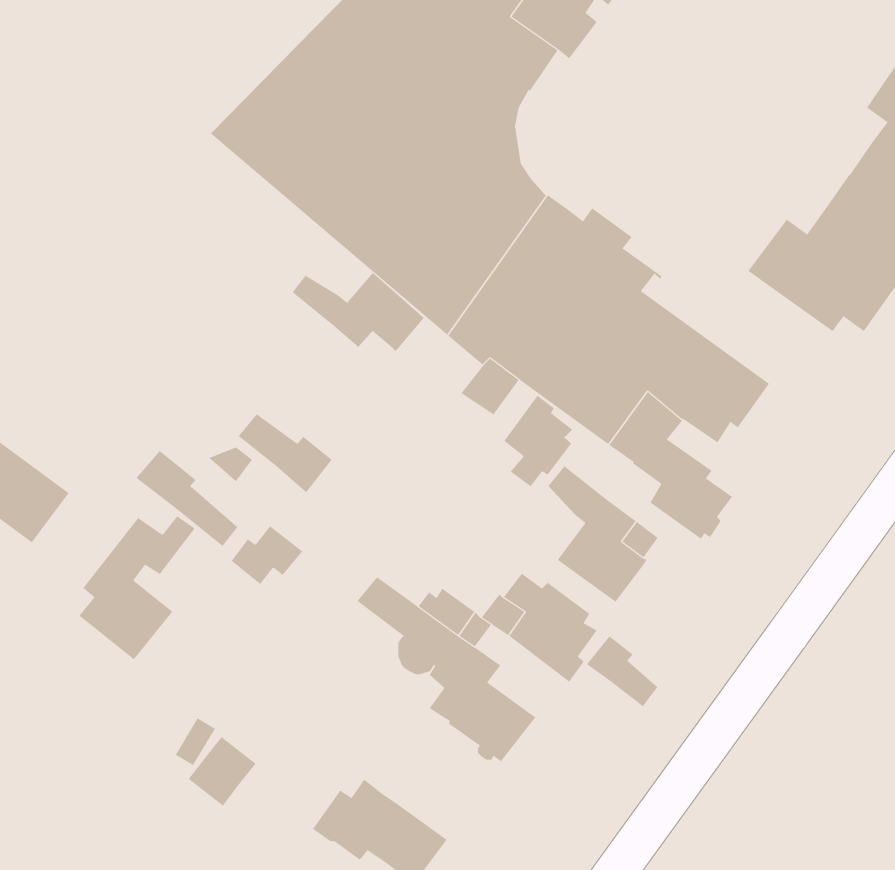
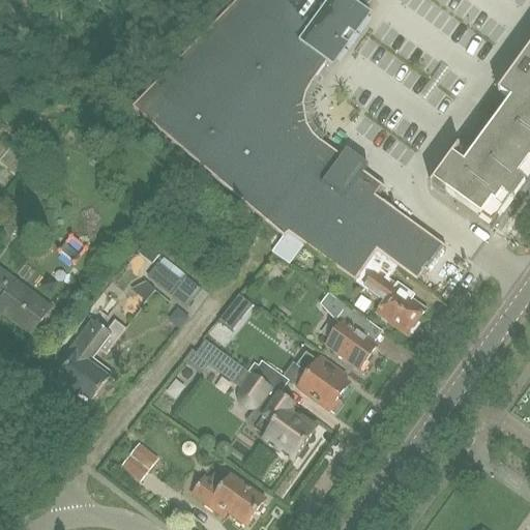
building: [292,272,425,352] -> none
building: [503,395,573,487] -> none
building: [135,450,238,547] -> none
building: none -> [217,292,253,330]
building: [231,526,303,585] -> [185,337,226,371]
building: [586,636,658,707] -> none

